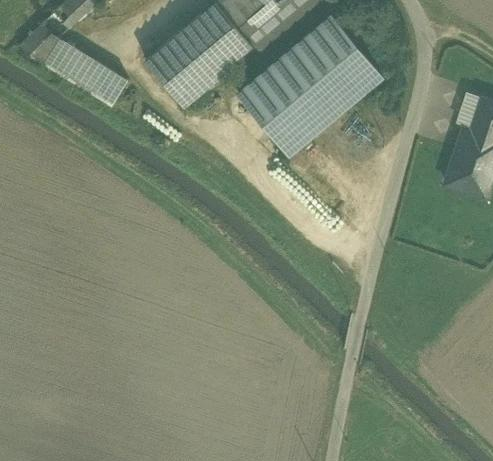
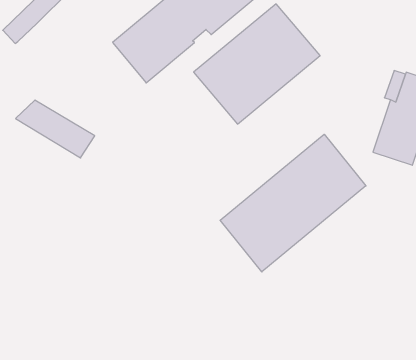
building: [37,38,127,104] -> [16,100,95,158]
building: none -> [220,134,366,272]

